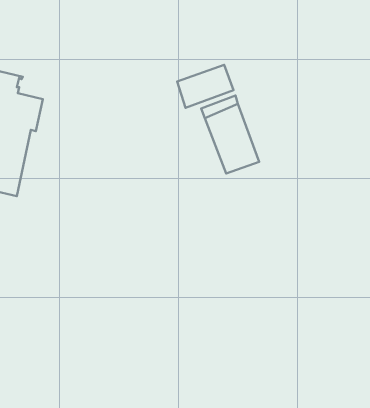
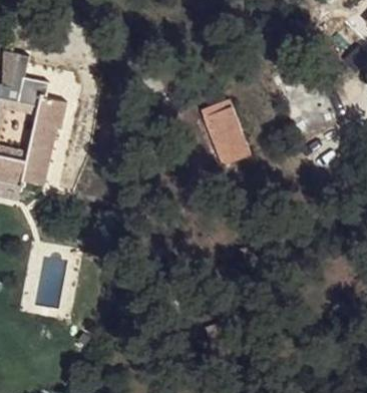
building: [177,65,234,108] -> none

